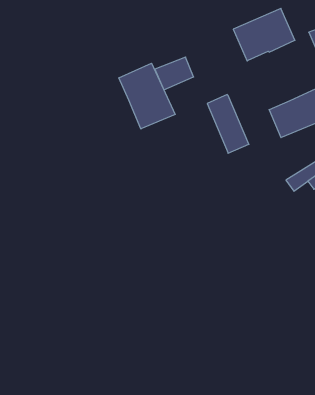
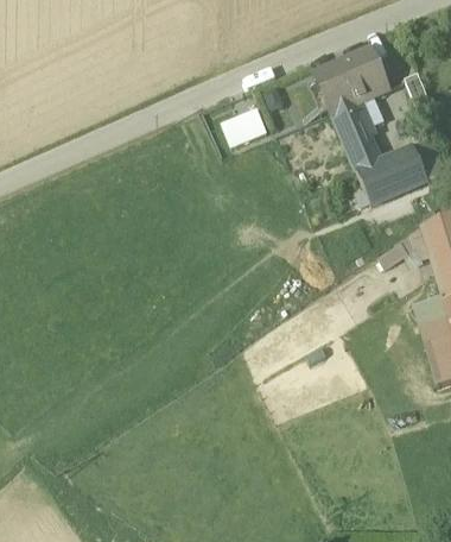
building: [119,63,175,129] -> none
building: [207,95,249,153] -> [334,101,383,171]

